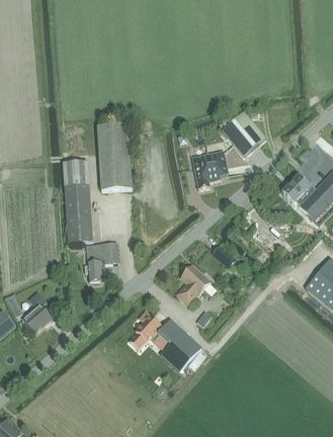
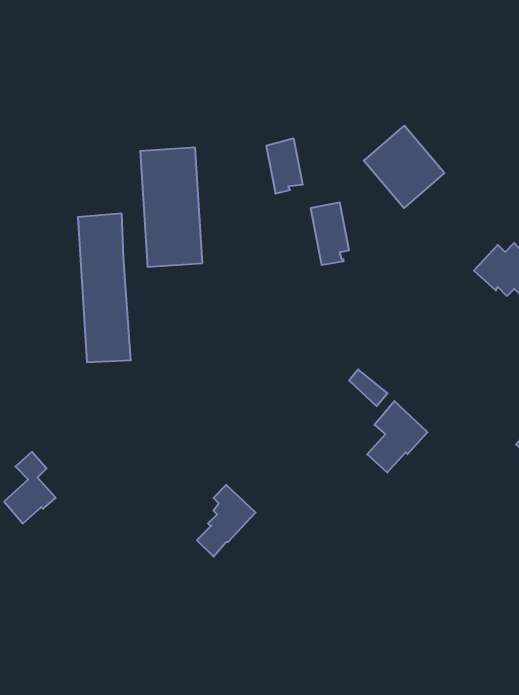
building: [207,150,228,180] -> [266,139,303,194]
building: [84,242,118,280] -> none
building: [176,264,210,303] -> [367,401,428,473]
building: [157,319,201,371] -> none

